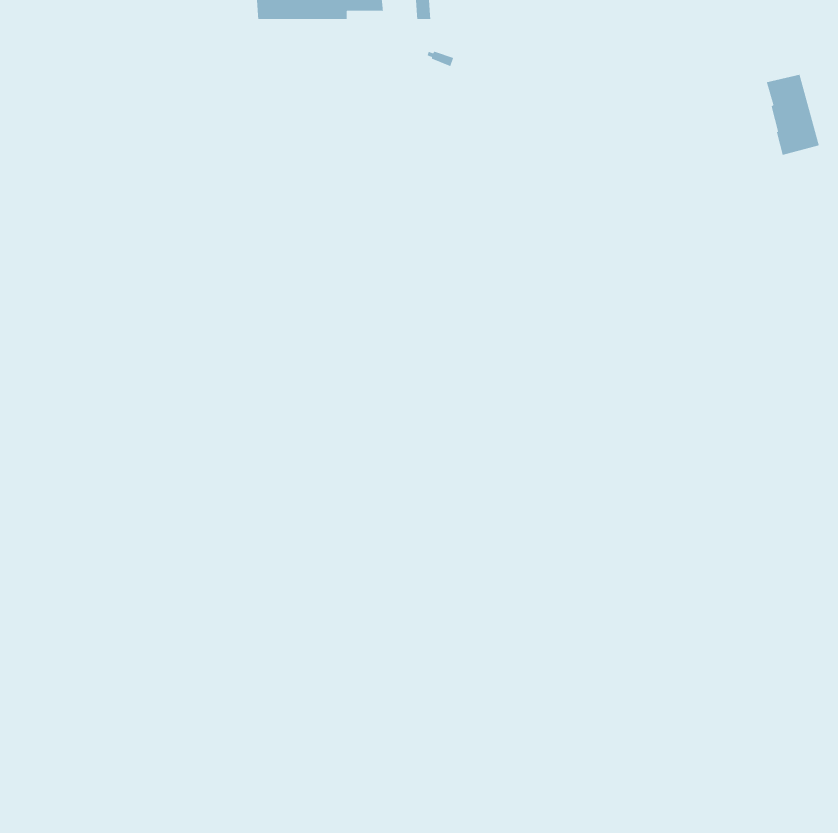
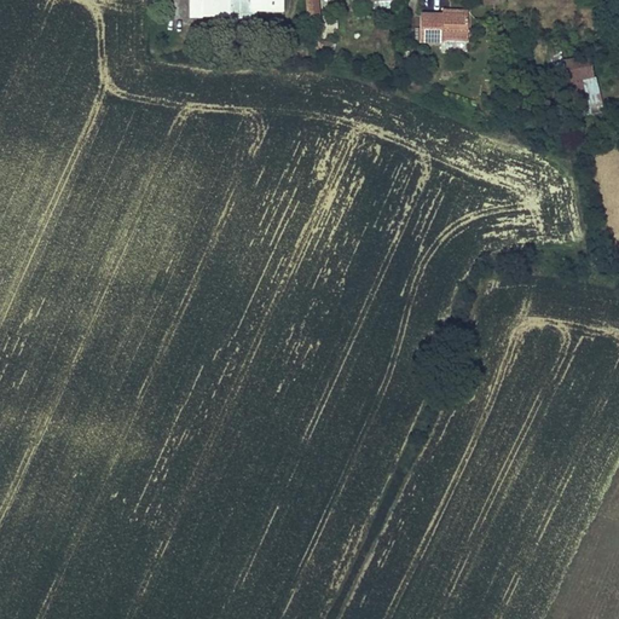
building: none -> [420,8,467,39]

